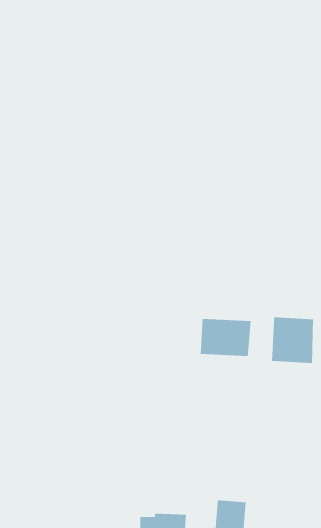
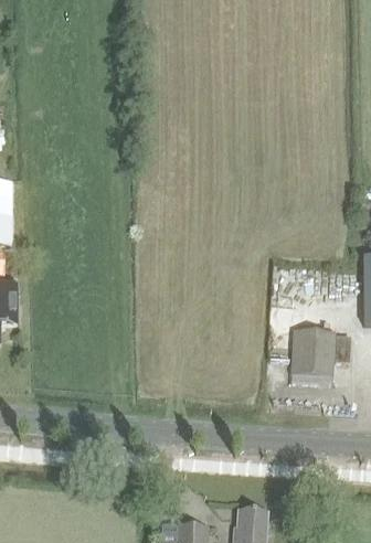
building: [200,318,252,357] -> none

